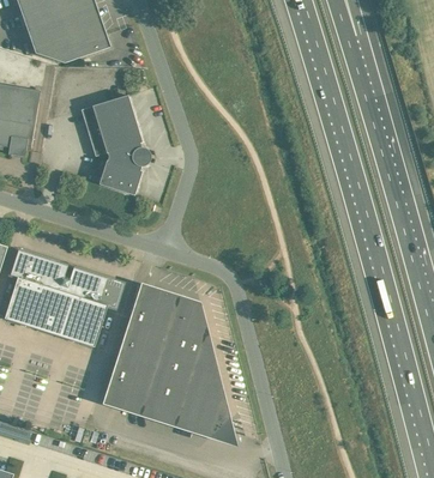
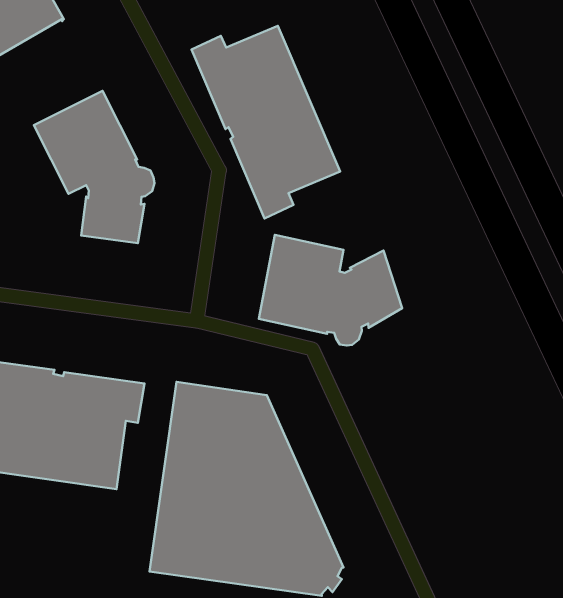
building: none -> [192,26,340,219]
building: none -> [259,235,402,346]

